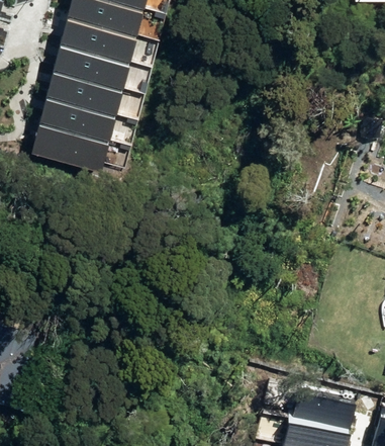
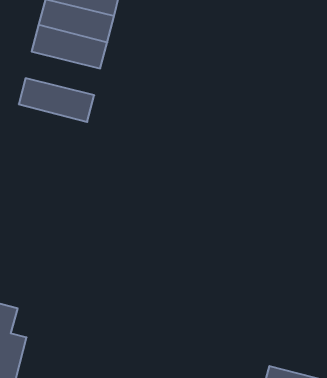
building: [49,70,124,114] -> none
building: [34,123,111,168] -> none

